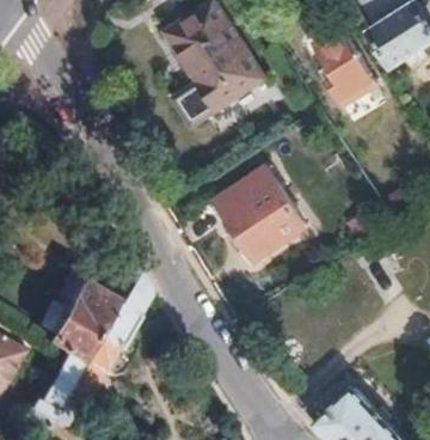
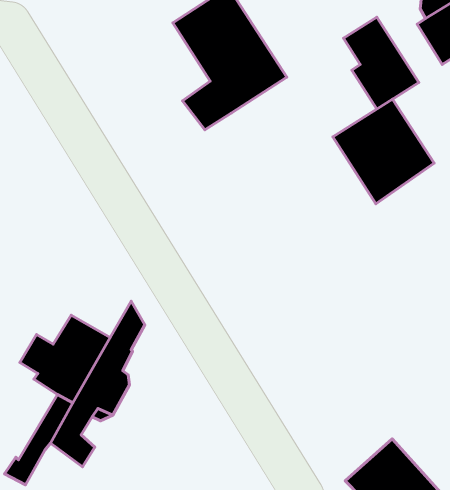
building: [216,171,303,261] -> [333,99,434,204]

